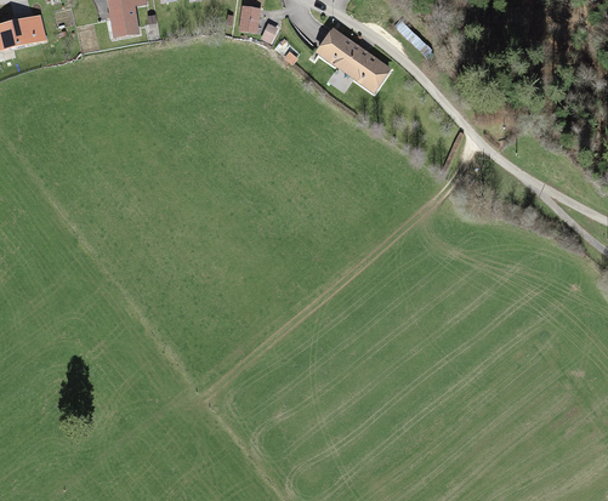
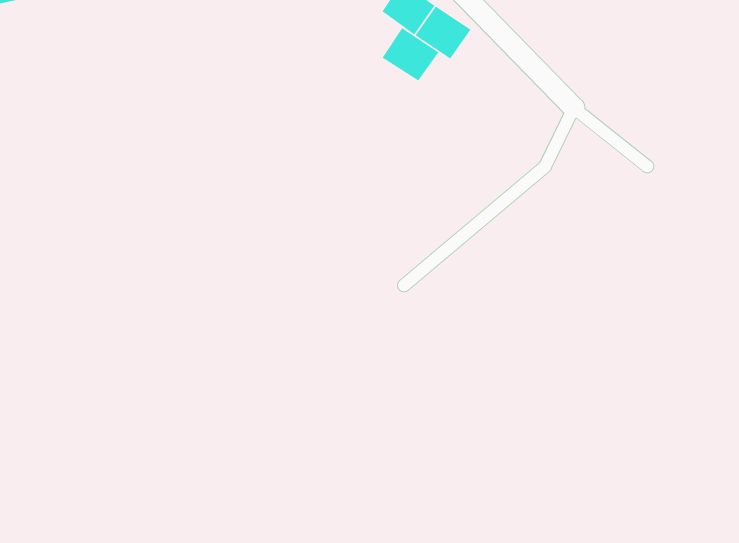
building: none -> [381,27,439,81]

